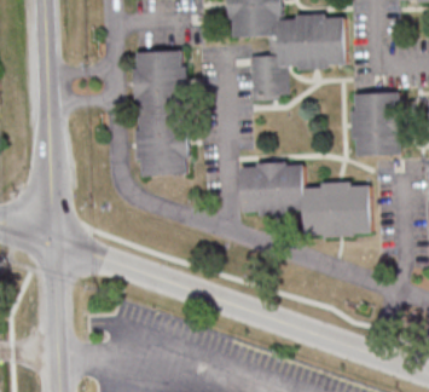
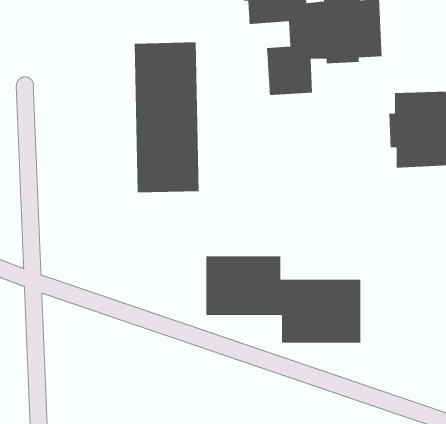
building: [244,165,373,237] -> [206,256,361,343]

